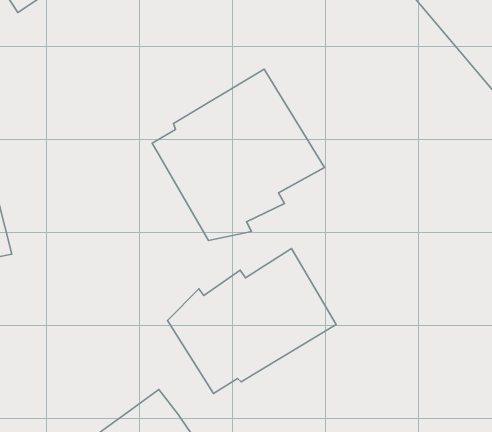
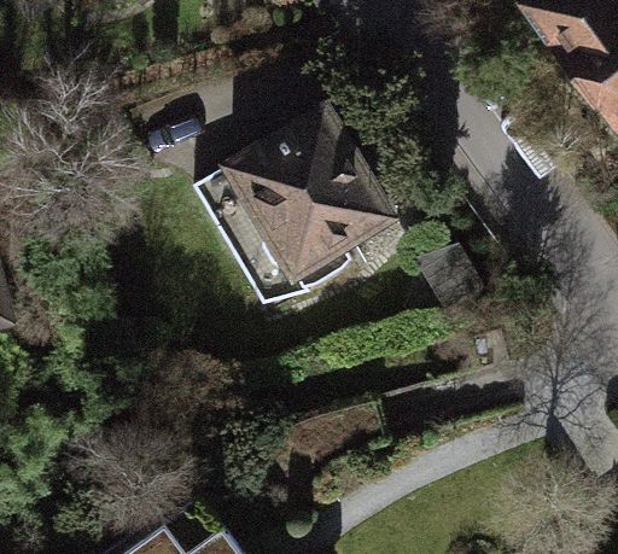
building: [167,248,336,393] -> none

